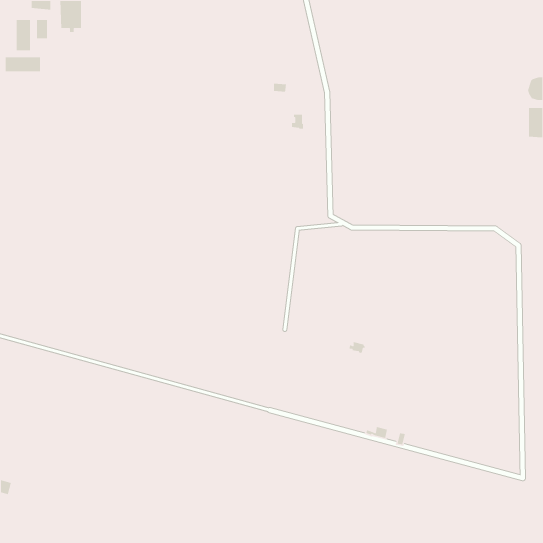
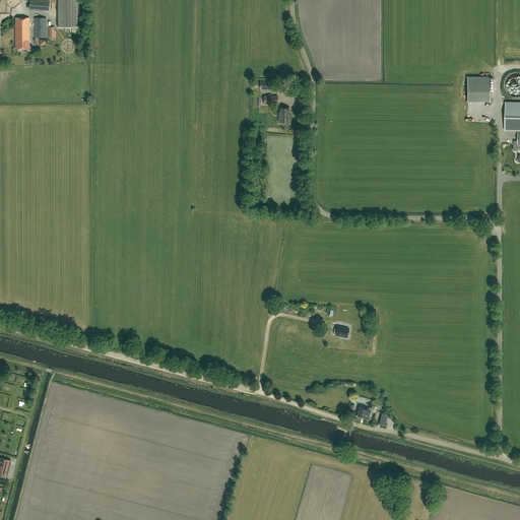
building: [5,57,41,72] -> none
building: none -> [467,77,490,102]

